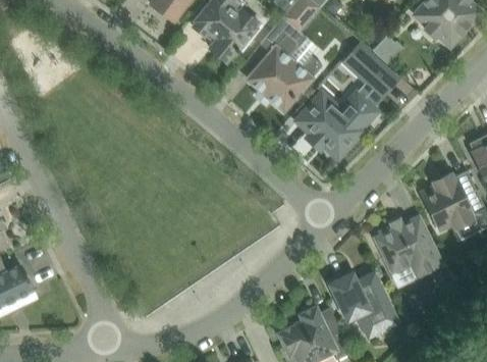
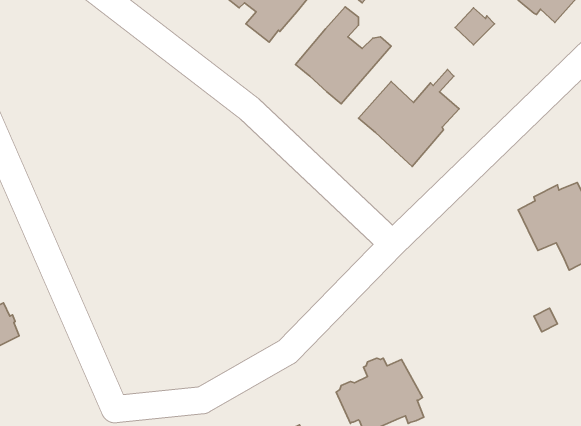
building: [343,44,397,96] -> none
building: [375,215,442,275] -> none
building: [329,271,397,335] -> none

